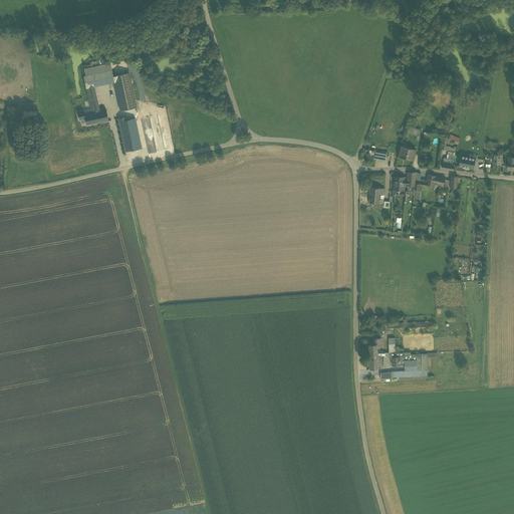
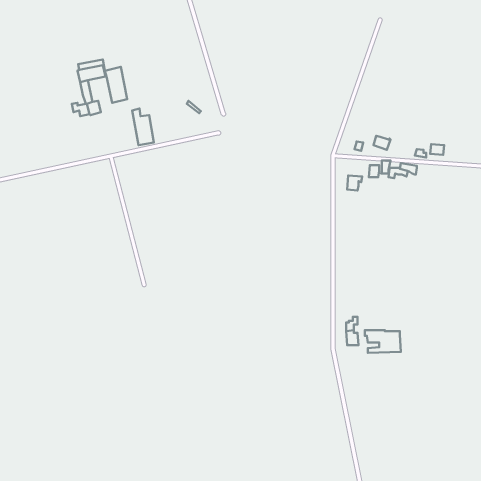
building: [117,115,141,151] -> none

